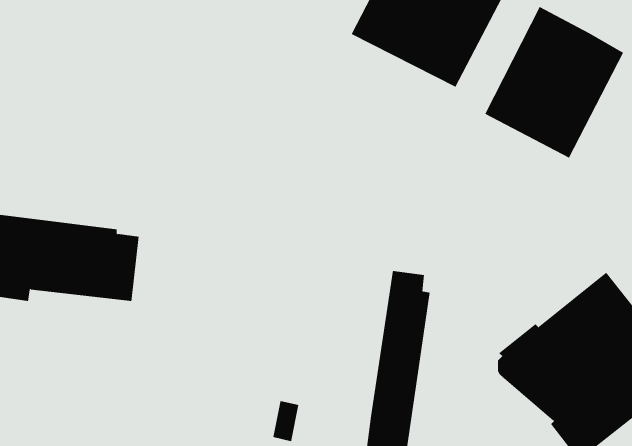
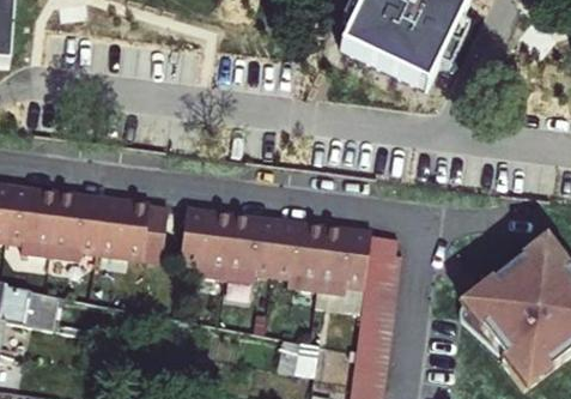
building: [484,6,624,158] -> none
building: none -> [180,206,371,292]

